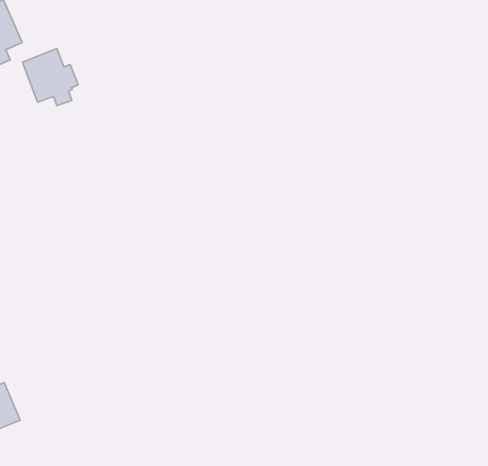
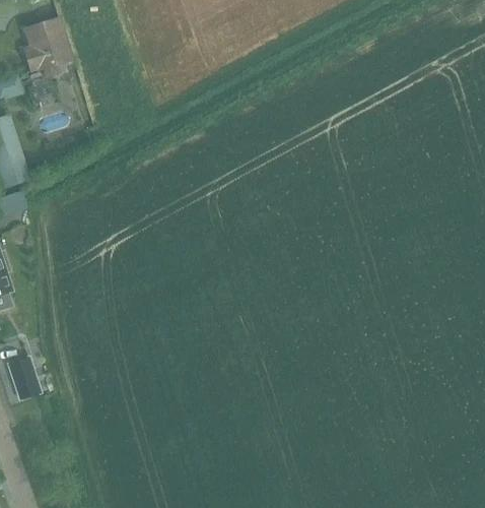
building: [23,48,78,106] -> none

